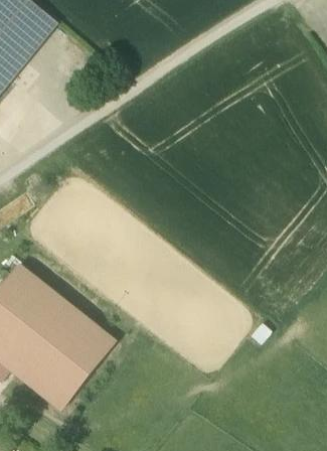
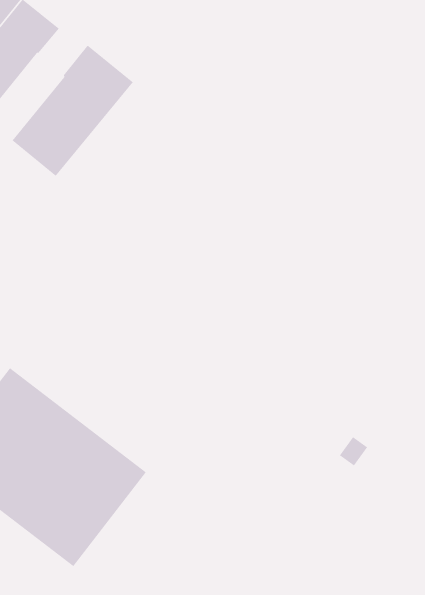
building: none -> [11,44,134,177]

